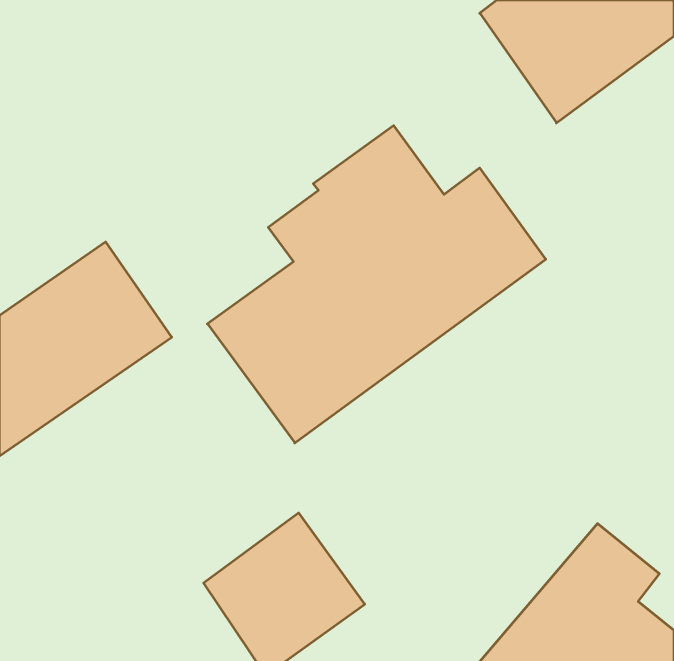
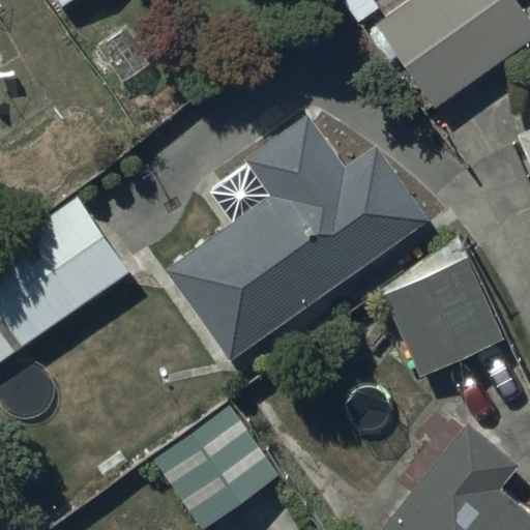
building: none -> [386,267,506,384]

